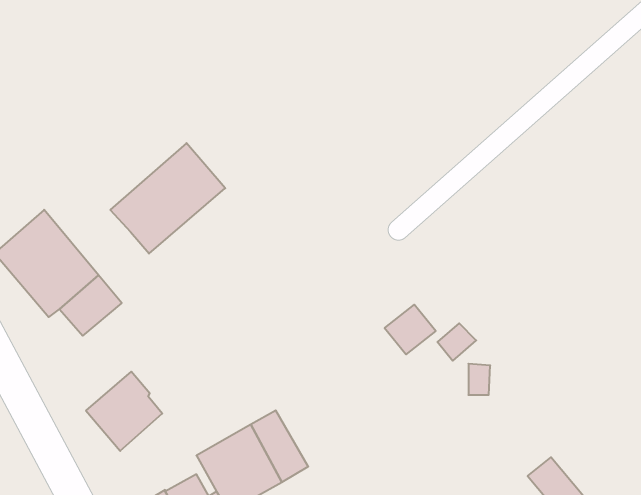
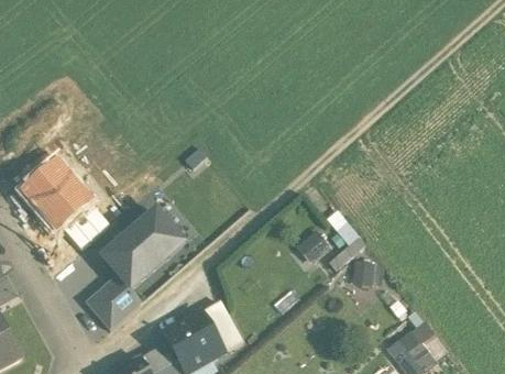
building: [110,143,225,254] -> [102,211,184,289]

